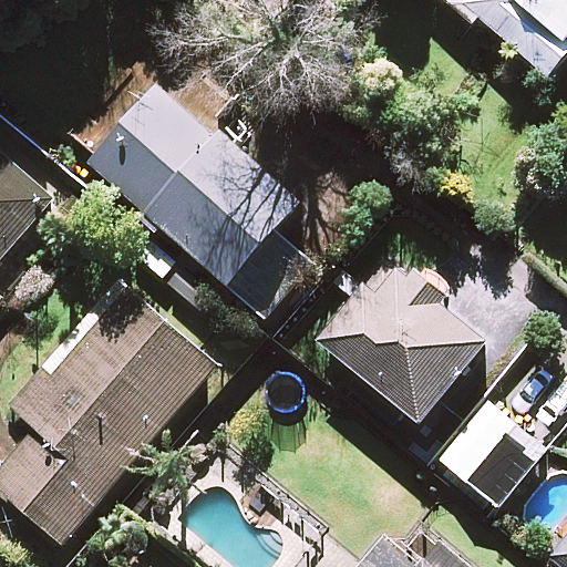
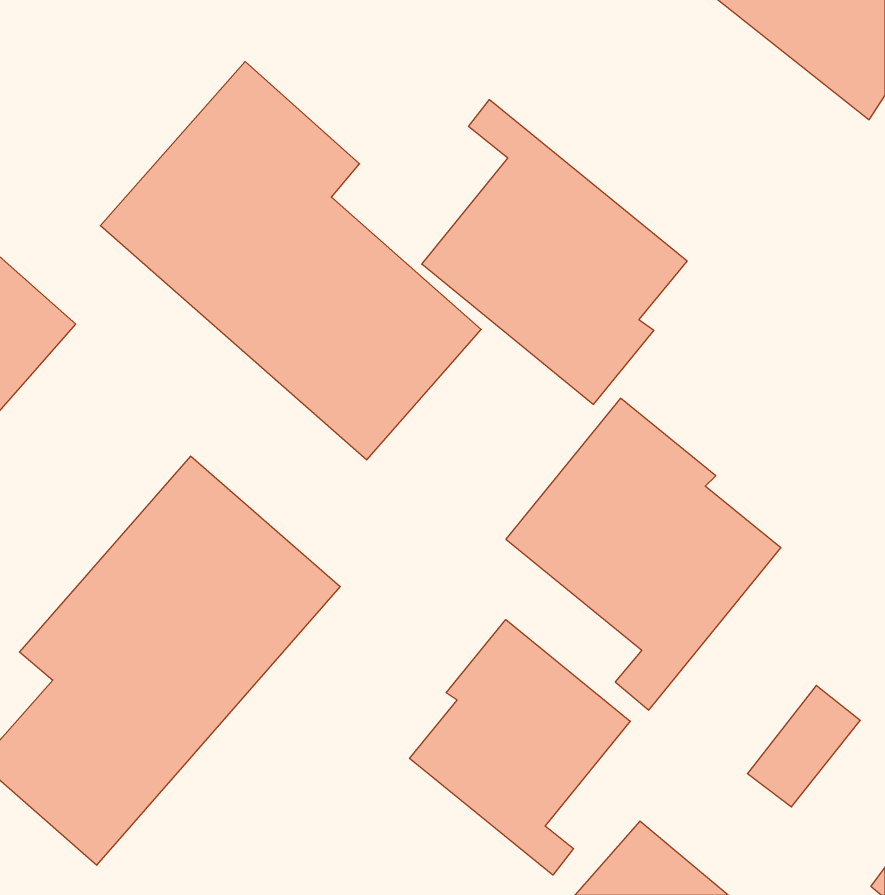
building: none -> [422,100,687,404]
building: none -> [410,620,630,875]

